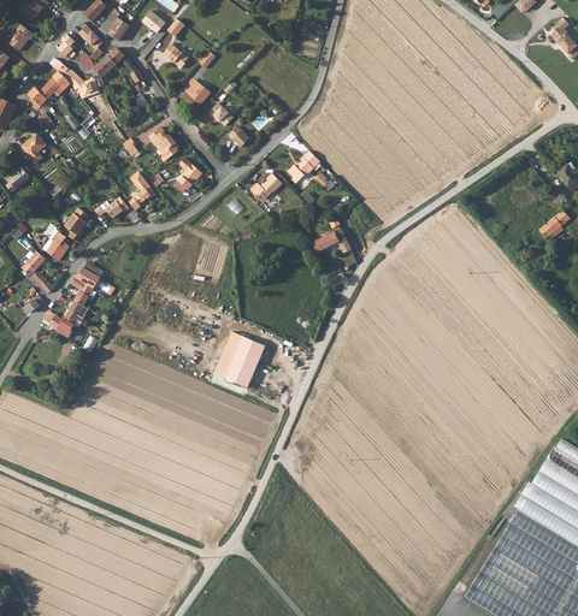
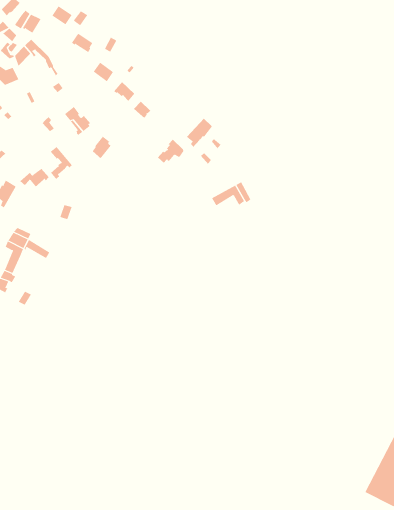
building: [225,336,266,387] -> none

